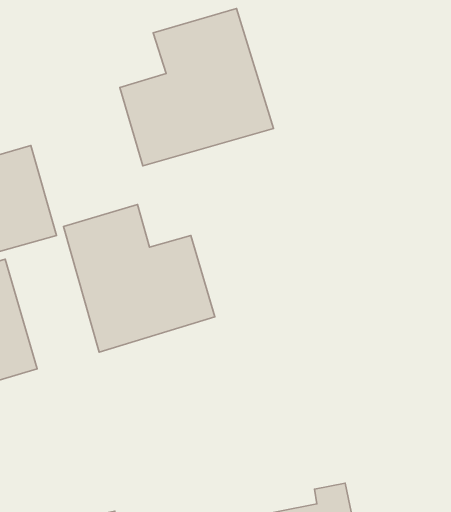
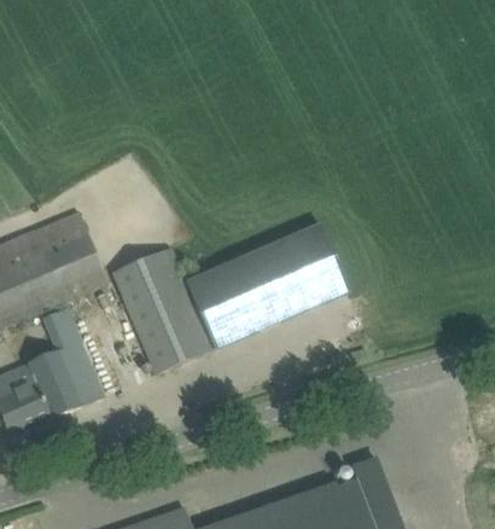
building: [120,8,274,166] -> none
building: none -> [220,222,349,333]

